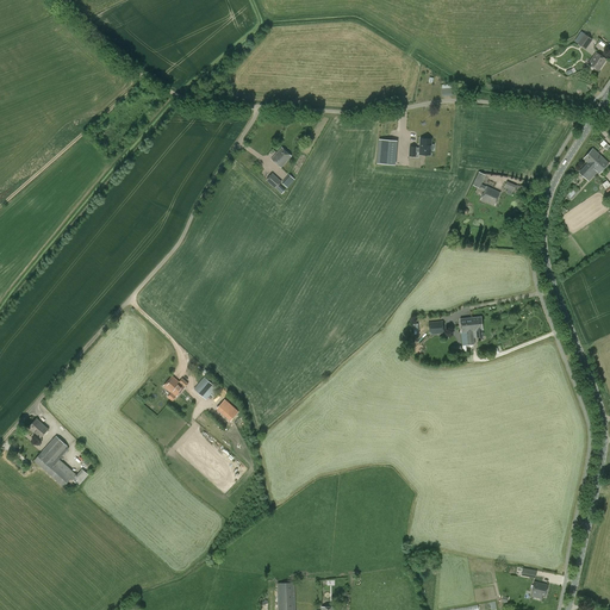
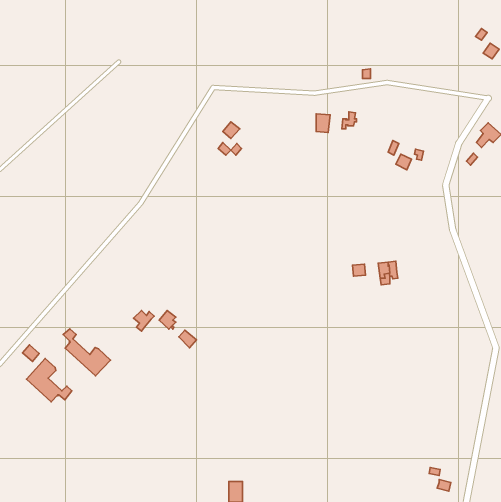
building: none -> [63,329,110,376]

